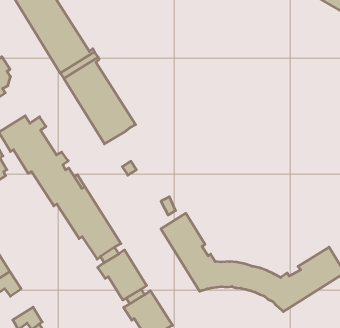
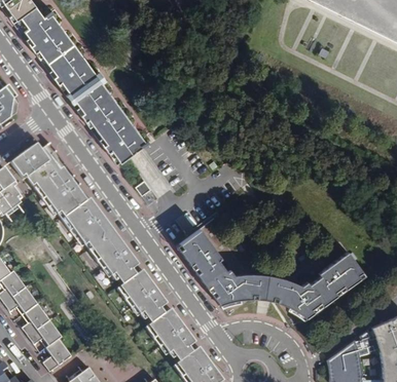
building: none -> [30,315,57,347]

